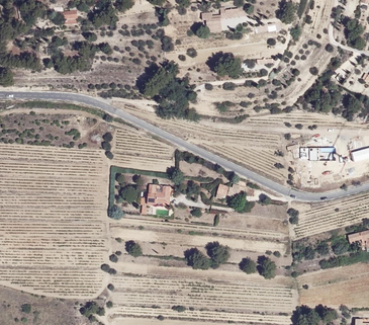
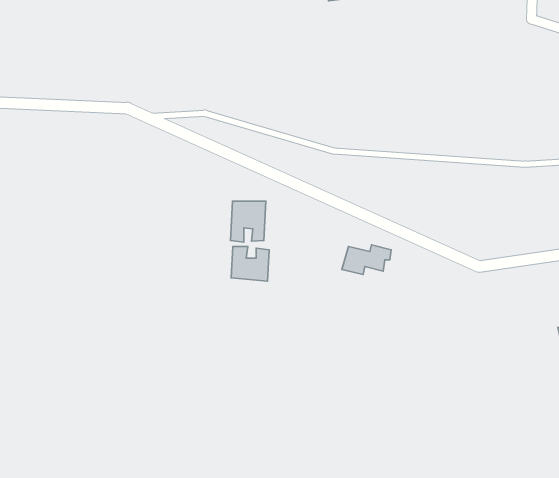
building: none -> [230,201,266,242]

